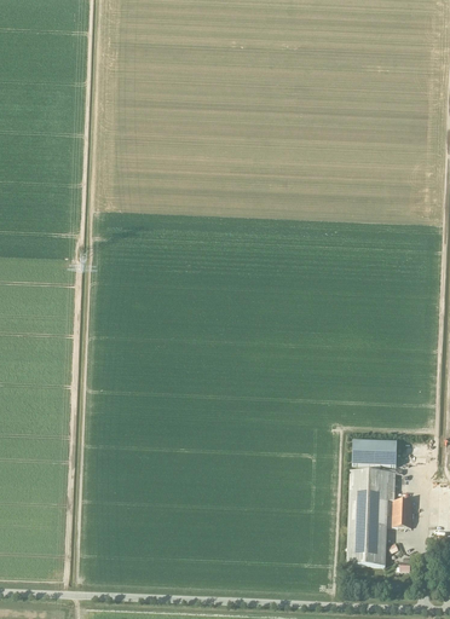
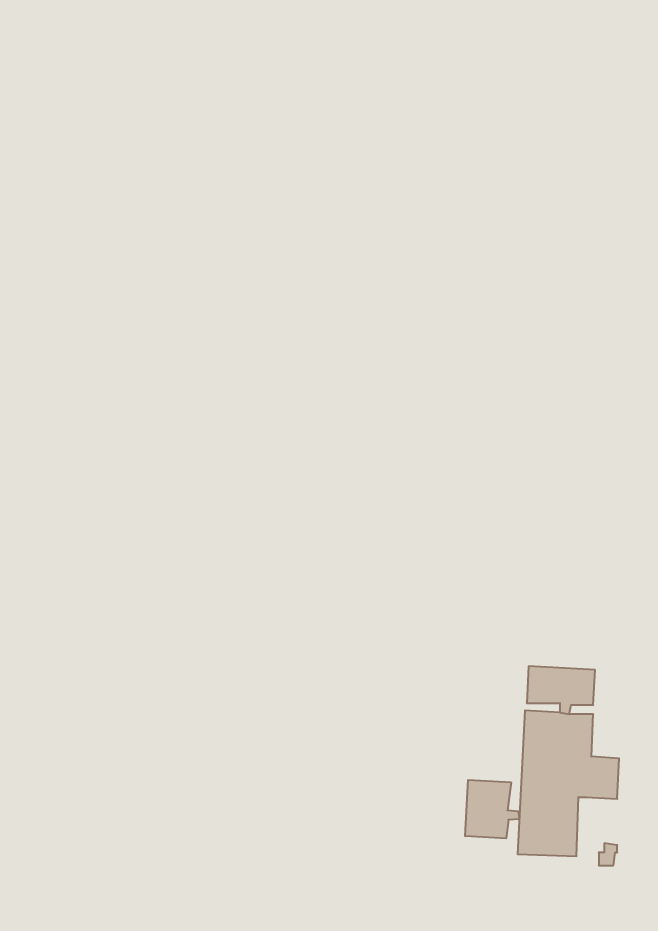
building: none -> [465,780,519,838]

